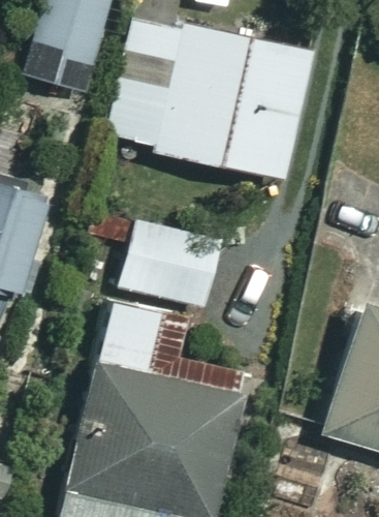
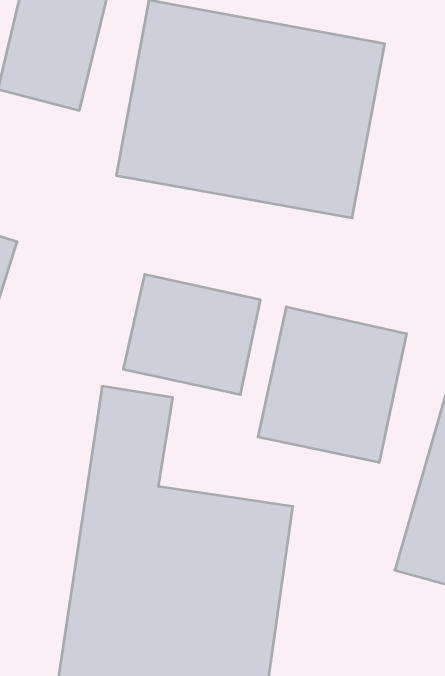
building: none -> [258,307,407,463]

